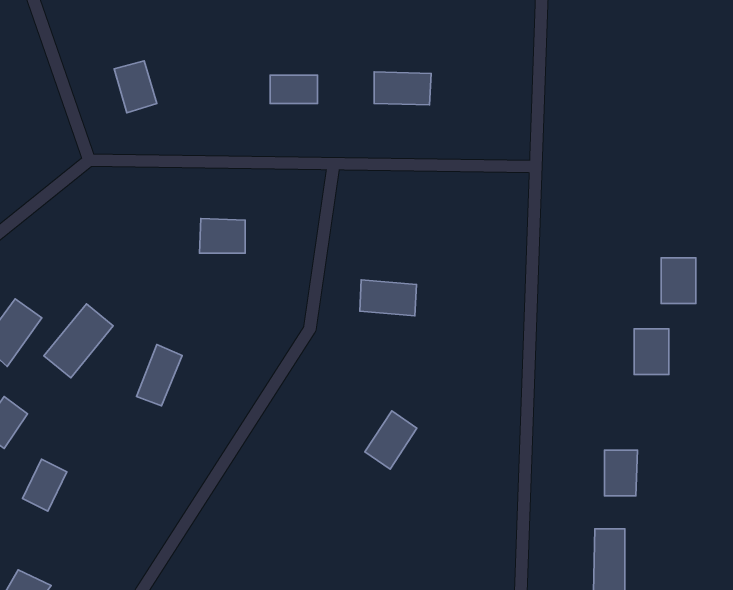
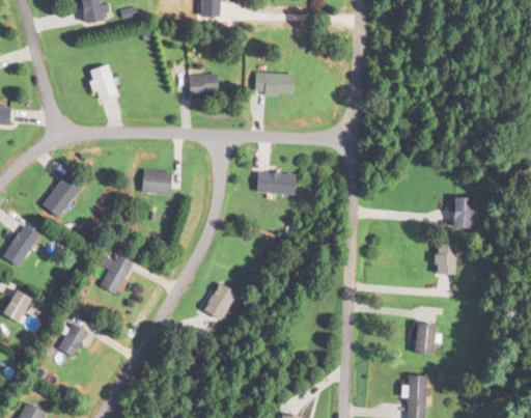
building: [360,280,416,316] -> [258,171,296,195]
building: [44,304,113,378] -> [39,169,85,218]
building: [365,411,417,469] -> [204,282,239,321]
building: [23,459,67,511] -> [60,323,89,357]

